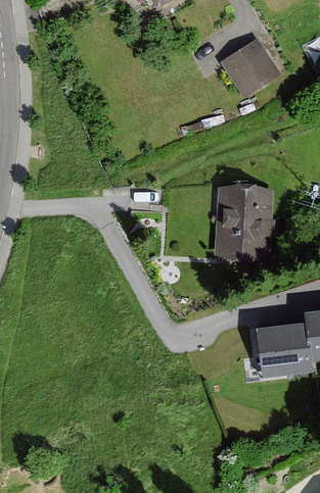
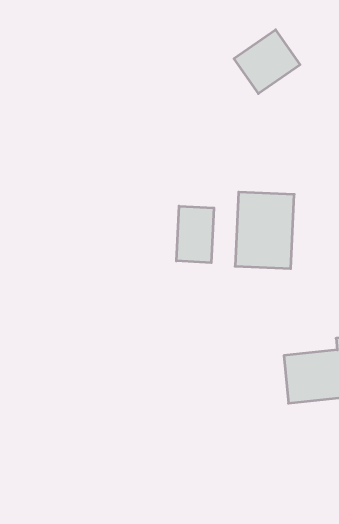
building: none -> [176,206,214,263]

